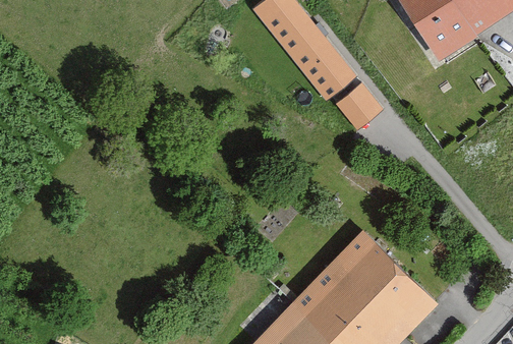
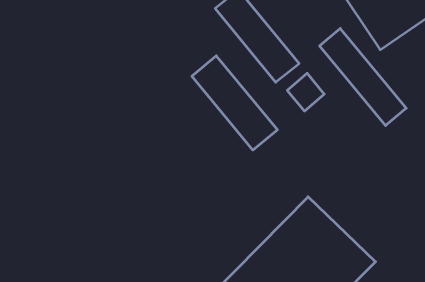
building: none -> [320,28,406,126]
building: none -> [192,56,277,150]

